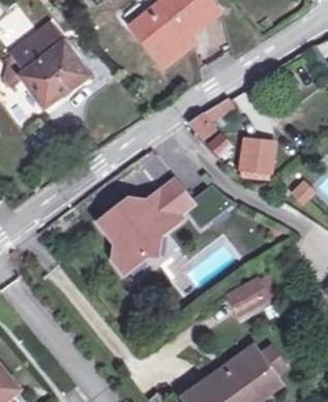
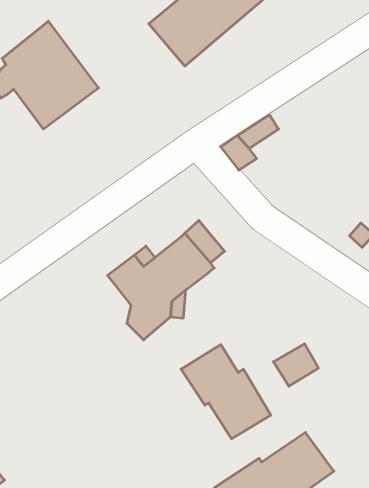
building: [240,138,275,171] -> none
building: none -> [181,345,271,439]

